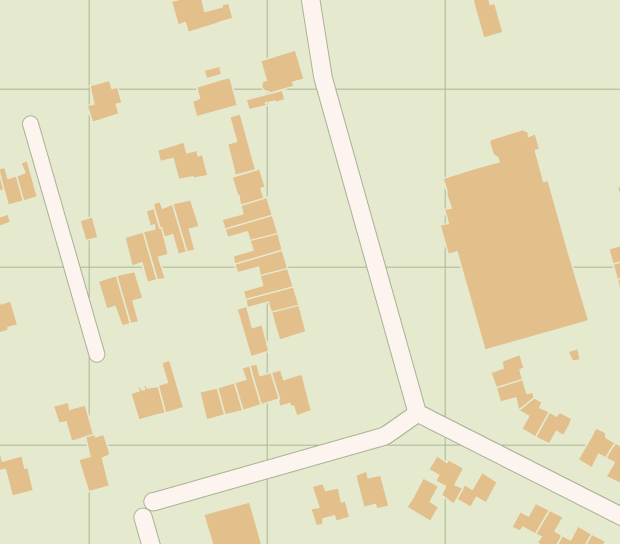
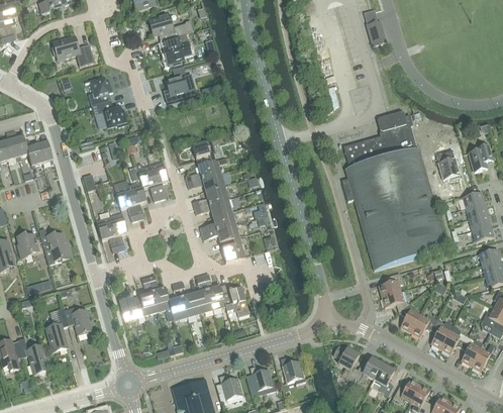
building: none -> [52,34,94,65]
building: [260,50,304,93] -> [160,32,191,64]
building: [226,114,256,175] -> none
building: [157,142,208,180] -> [91,99,127,126]
building: none -> [435,153,459,179]
building: none -> [37,227,71,264]
building: [237,306,269,357] -> [146,274,170,310]
building: none -> [429,318,452,347]
building: [79,434,109,492] -> [44,309,67,350]
building: [406,478,439,521] -> [370,364,393,395]
building: none -> [217,374,241,403]

